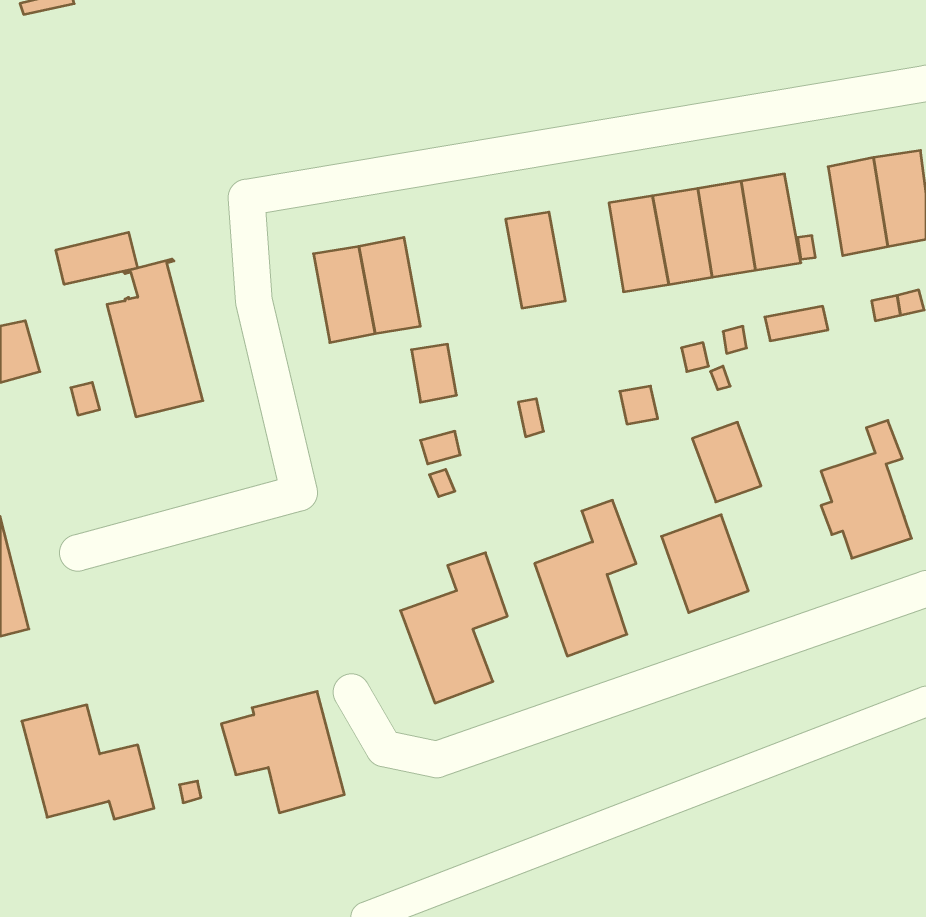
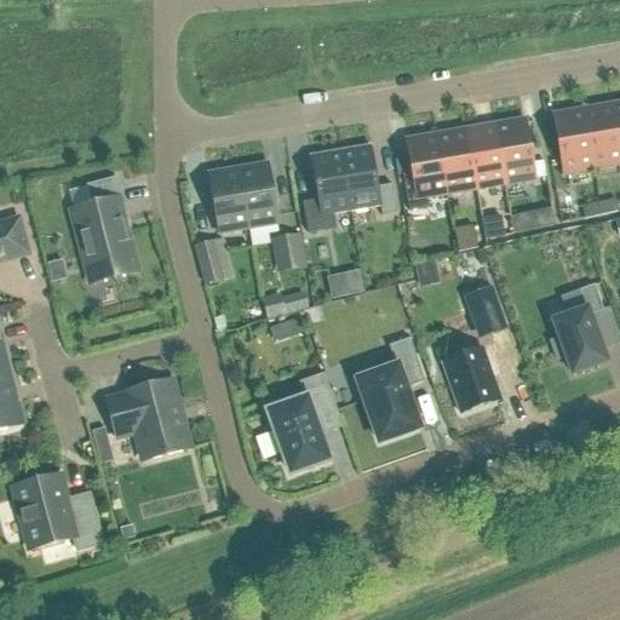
building: none -> [308,147,349,212]
building: [56,232,137,284] -> none
building: none -> [194,237,224,281]
building: [221,691,344,813] -> [105,377,188,458]

